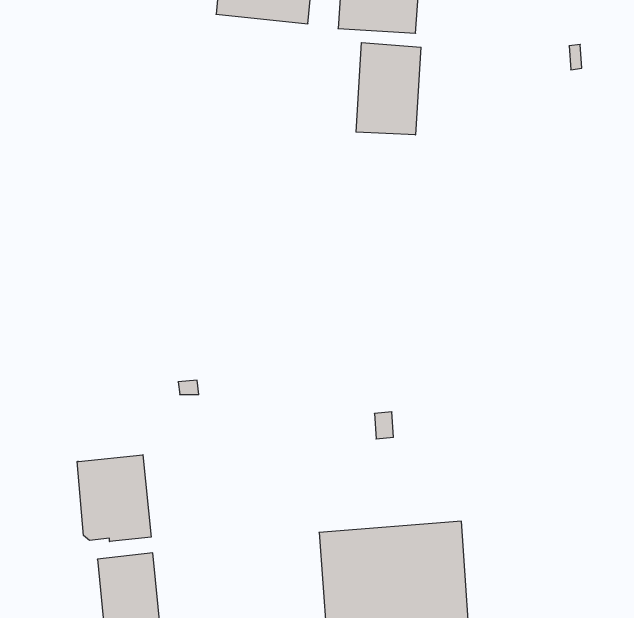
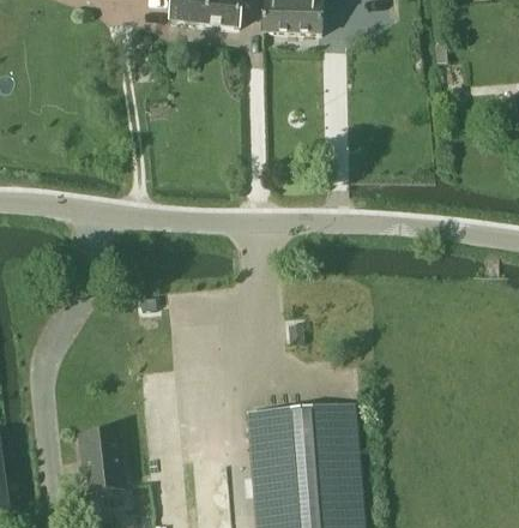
building: [356,43,421,135] -> none
building: [77,455,151,542] -> none

